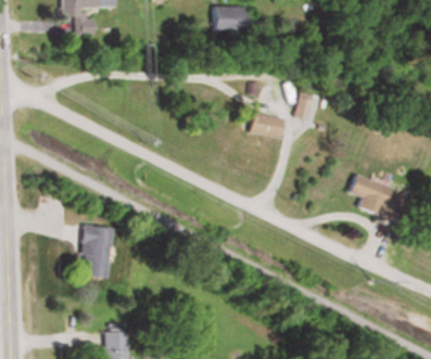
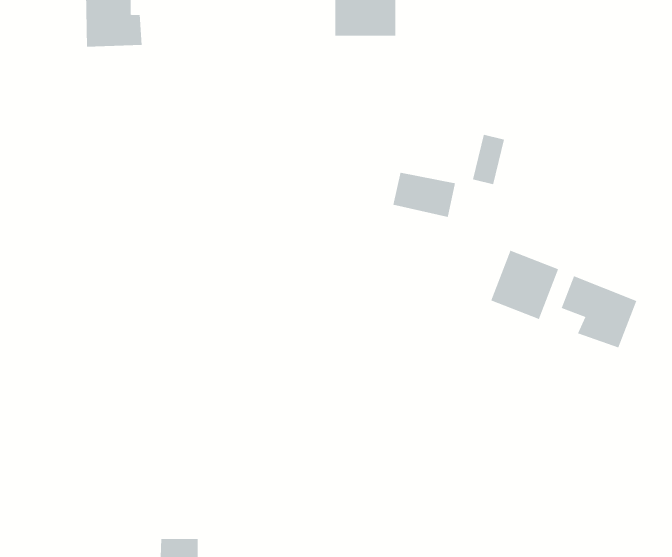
building: none -> [490,250,559,320]
building: [79,225,113,278] -> none

